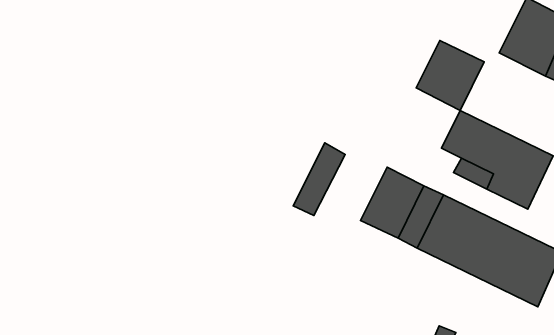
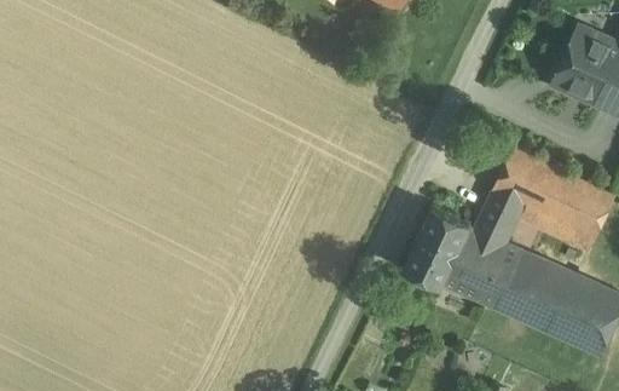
building: [416,41,484,110] -> none
building: [293,143,345,216] -> none
building: none -> [474,186,515,237]

